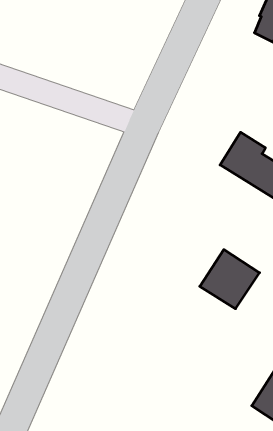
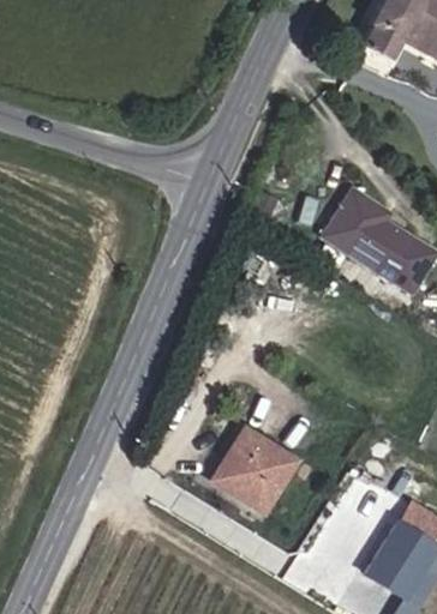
building: [200,250,260,309] -> [212,426,297,508]

